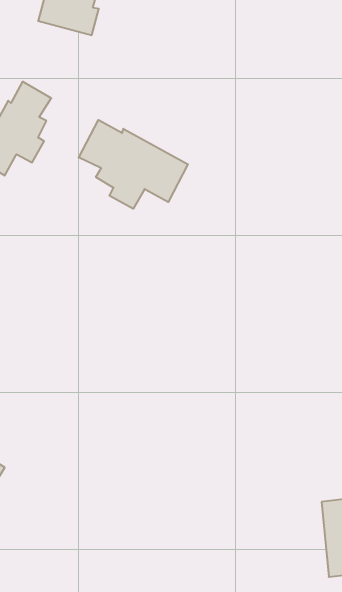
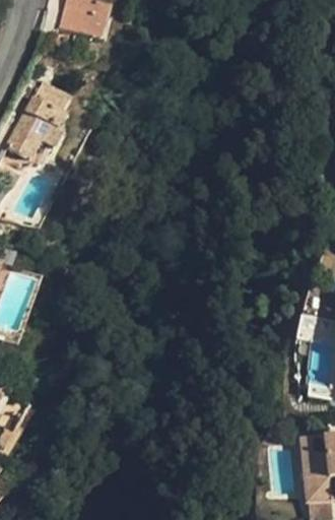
building: [79,120,188,209] -> none

